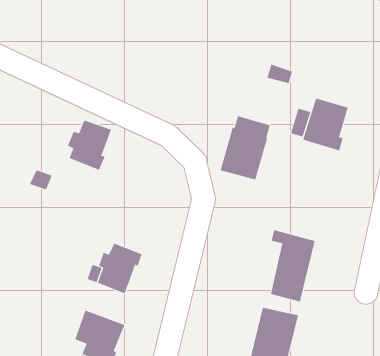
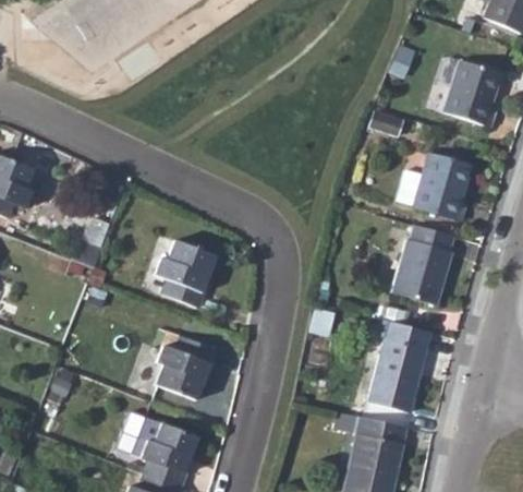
building: none -> [443,60,500,125]
building: [220,115,271,180] -> [393,223,457,303]
building: [67,120,112,170] -> [154,244,209,308]

